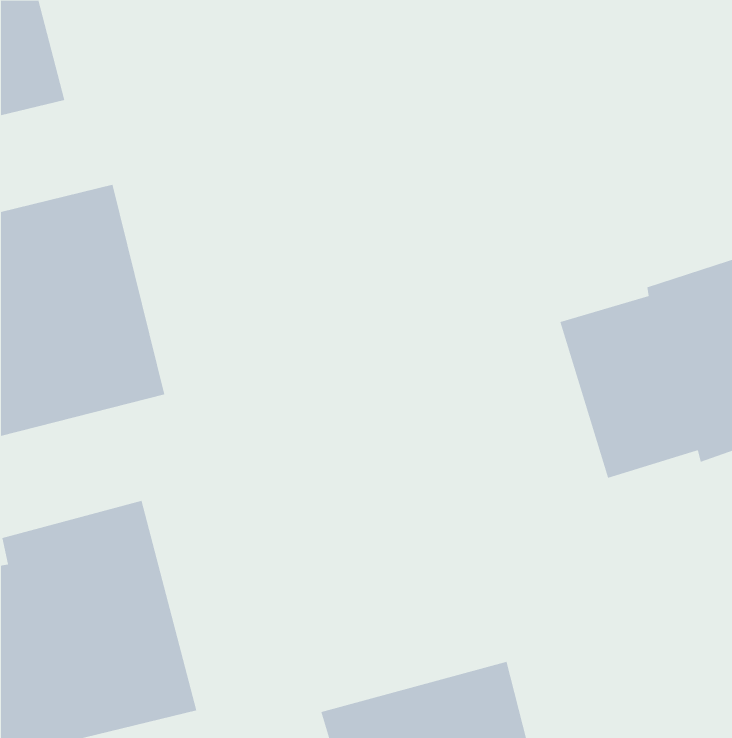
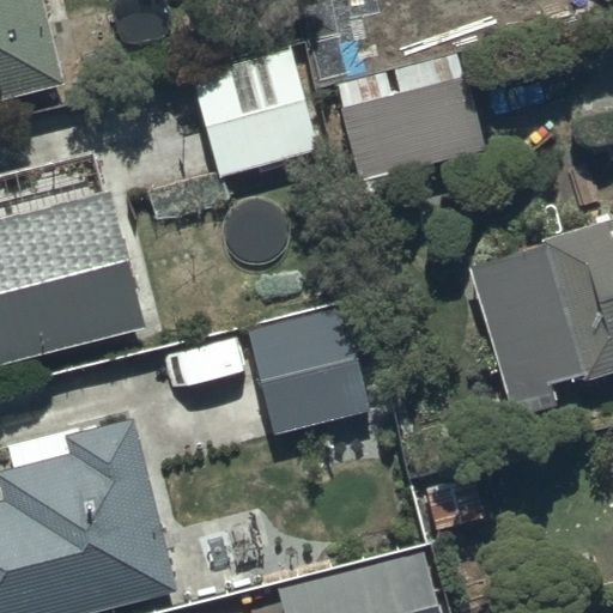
building: none -> [192,49,320,180]
building: none -> [330,54,486,220]
building: none -> [243,304,374,438]

